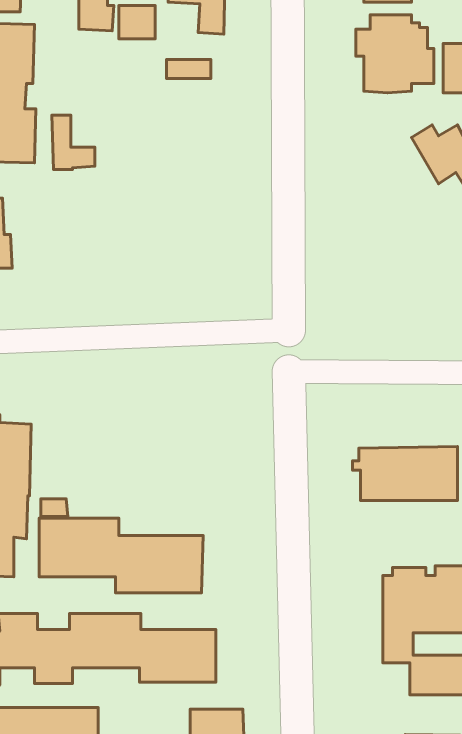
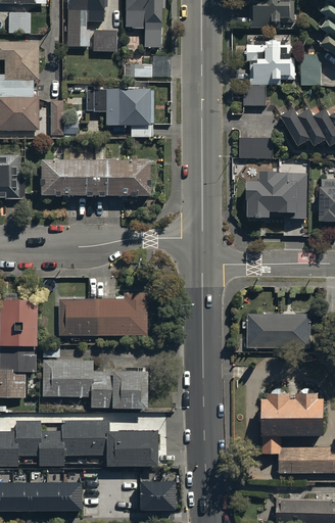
building: none -> [243,86,267,106]
building: none -> [86,89,152,138]
building: none -> [238,138,273,159]
building: none -> [41,158,149,196]
building: none -> [246,174,306,221]
building: none -> [58,293,147,336]

